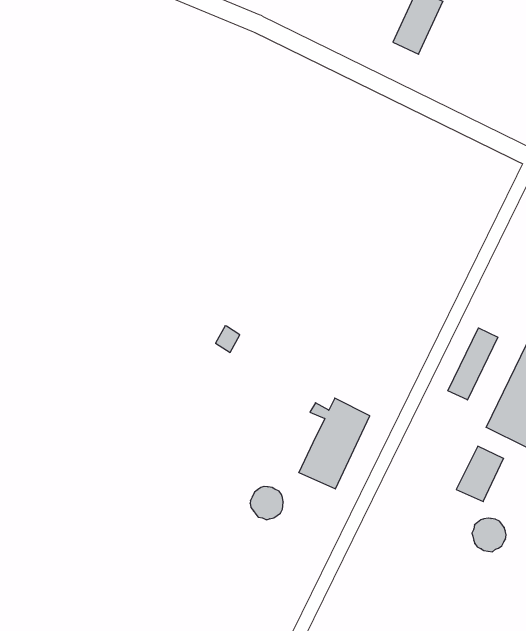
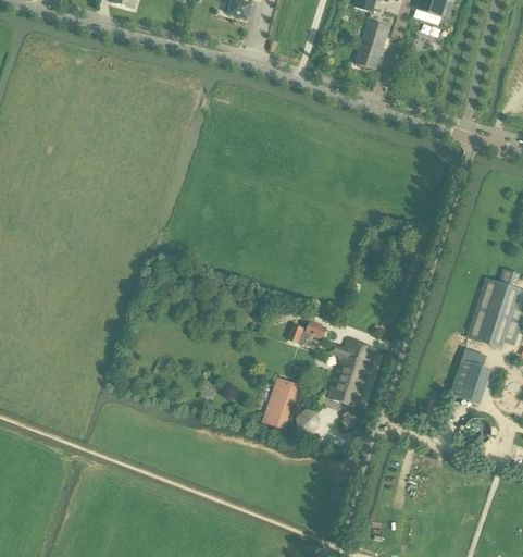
building: [448,328,498,400] -> none
building: none -> [287,320,326,349]
building: none -> [263,377,298,429]

